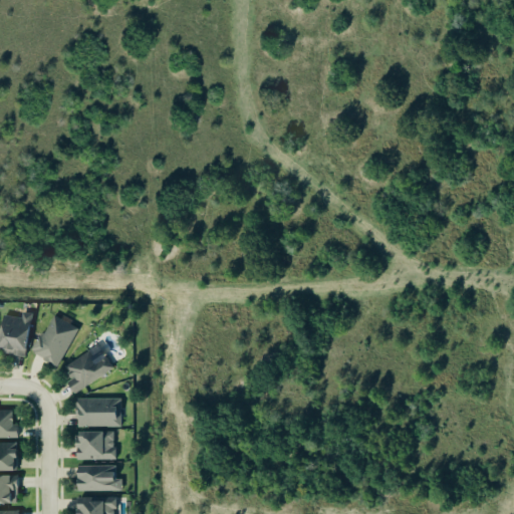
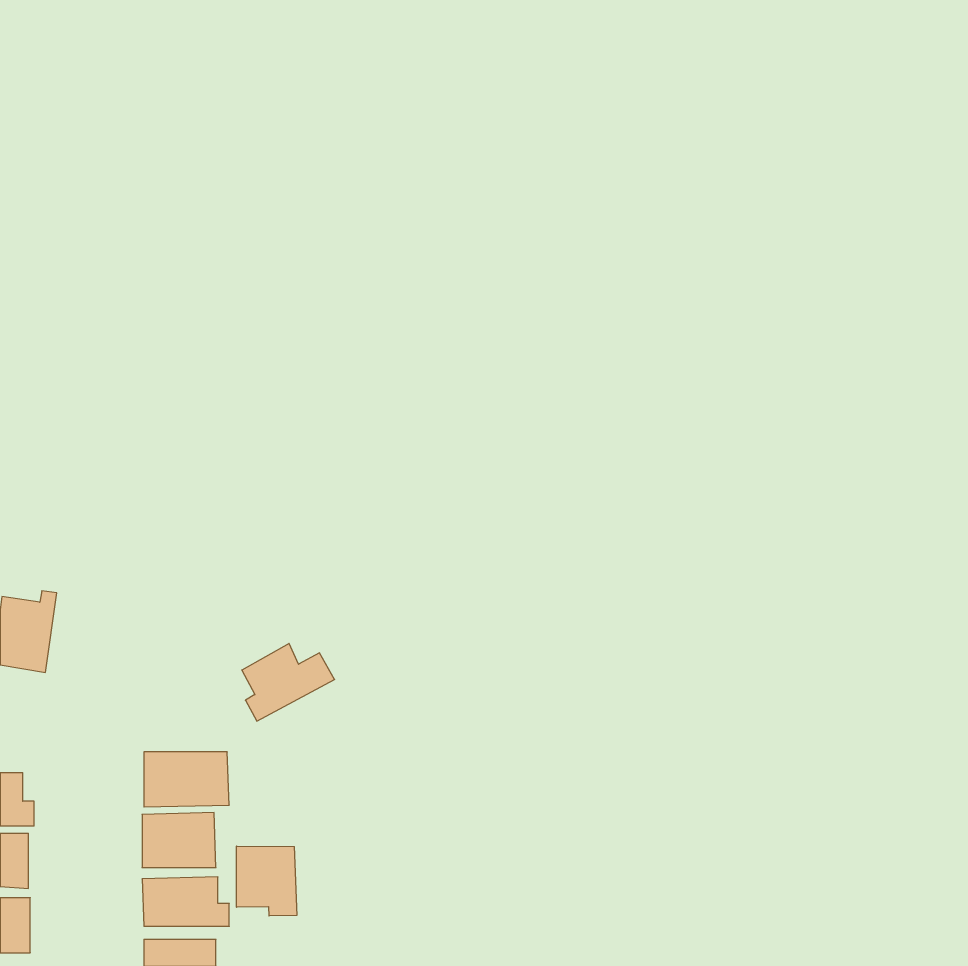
building: [31,314,77,366] -> none
building: [63,351,112,393] -> [242,643,335,721]
building: none -> [237,846,297,916]

